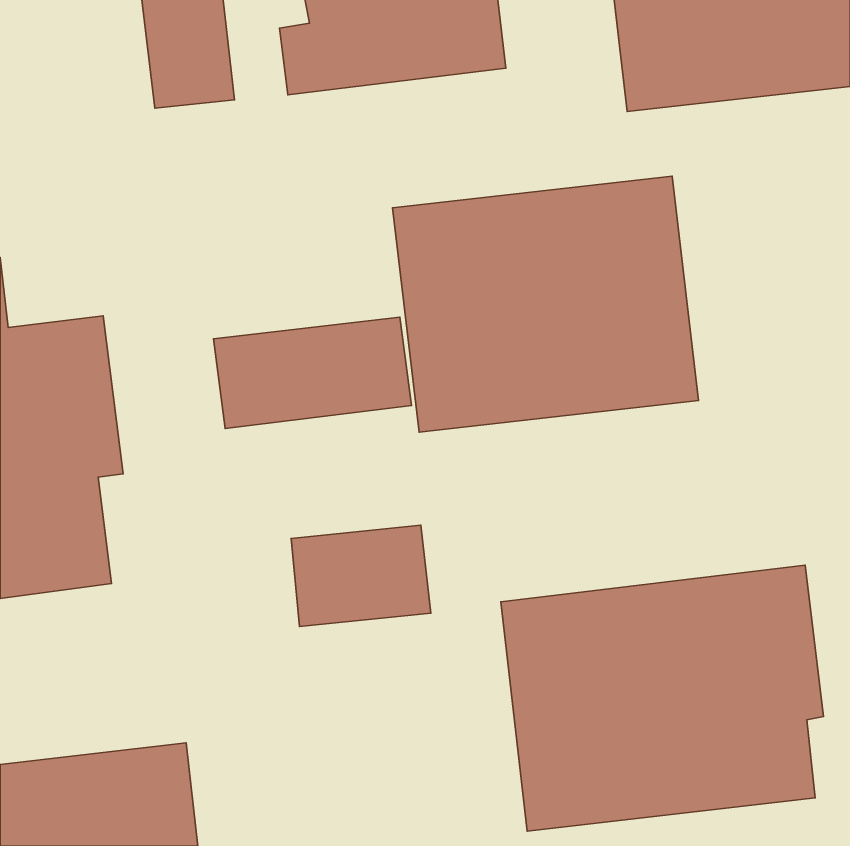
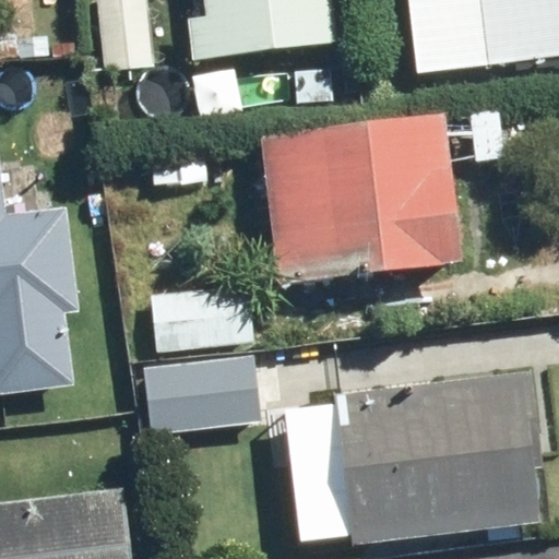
building: [213,317,411,429] -> [150,282,280,355]

